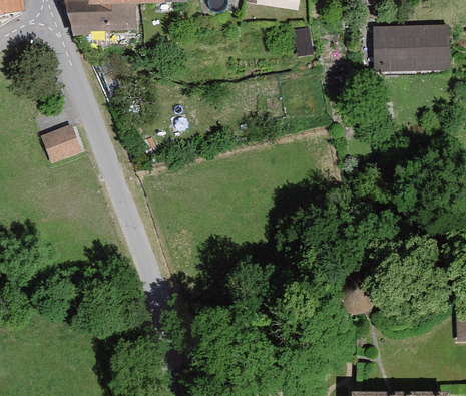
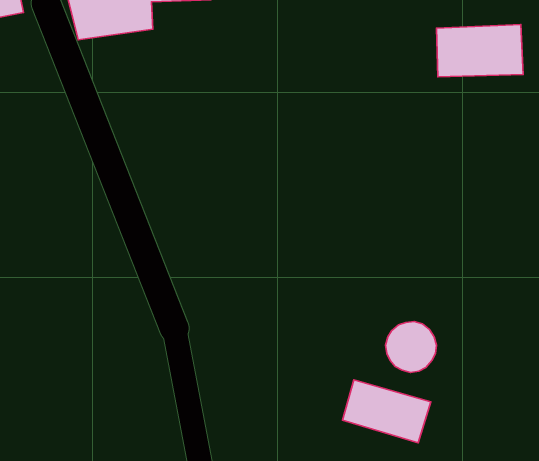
building: [41,123,80,162] -> none
building: none -> [342,380,431,443]

